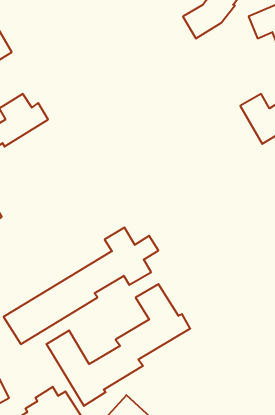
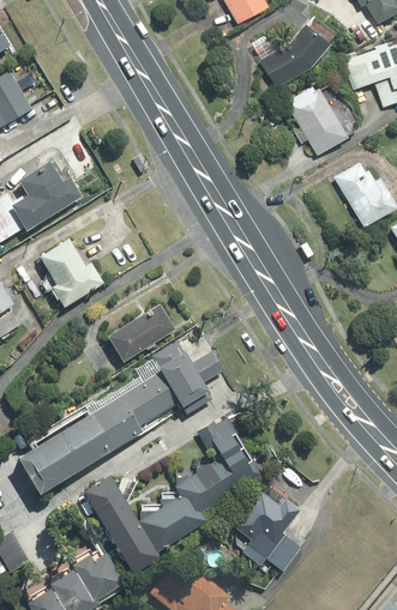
building: none -> [285,87,359,156]
building: none -> [40,240,104,310]
building: none -> [112,303,179,361]
building: none -> [230,490,302,573]

